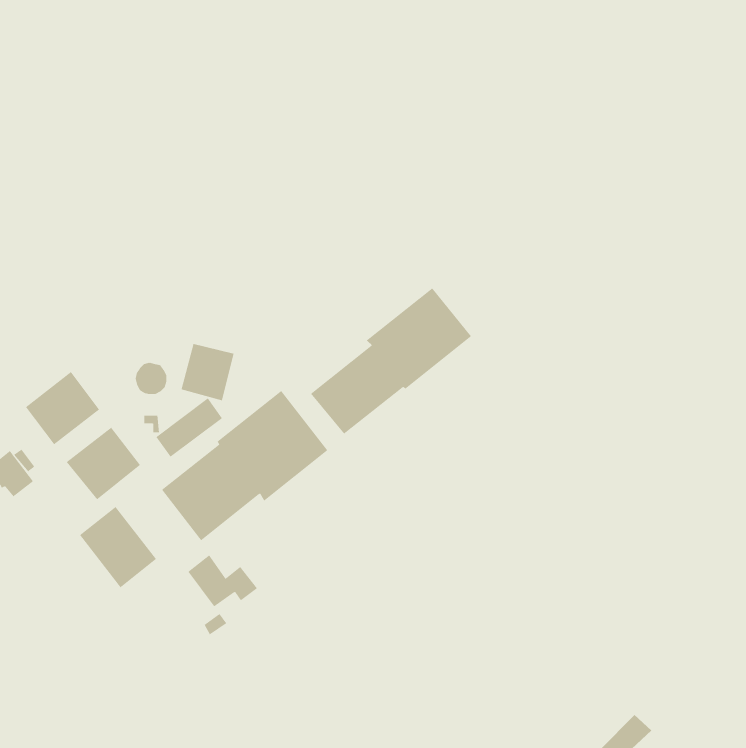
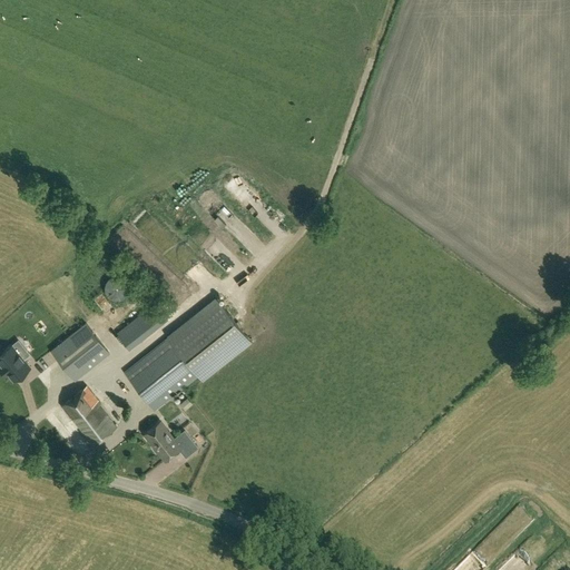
building: [310,288,472,435] -> none
building: [181,343,234,401] -> none
building: [25,371,100,445] -> none

